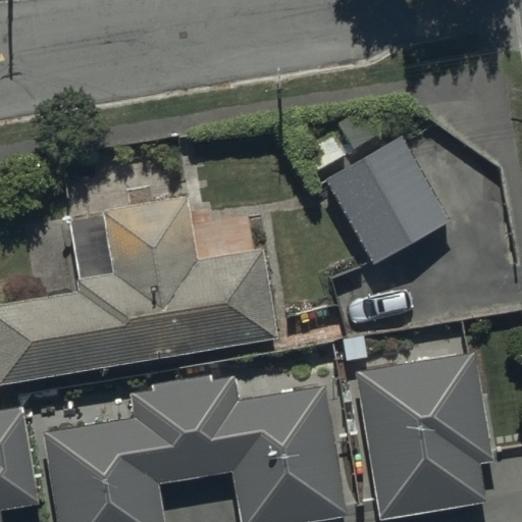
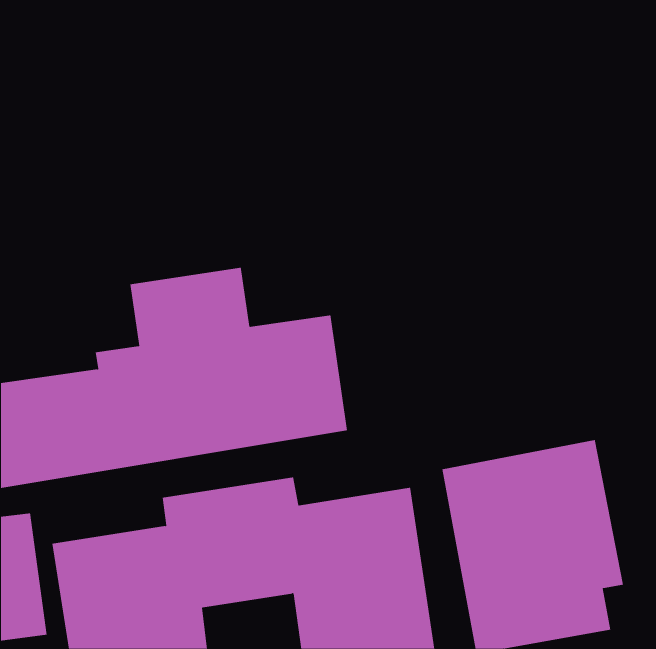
building: [322,132,451,267] -> none

